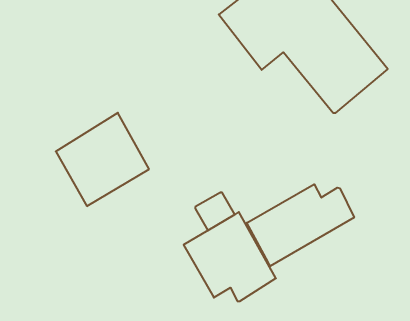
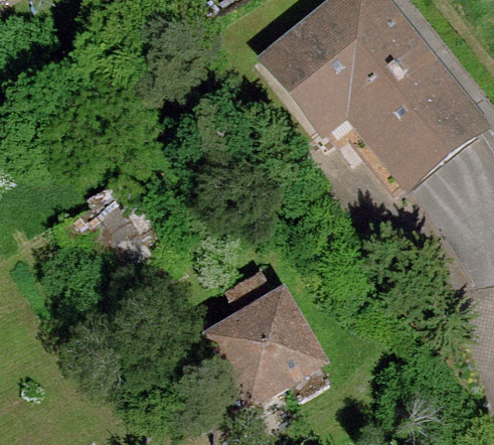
building: [247,184,354,266] -> none

